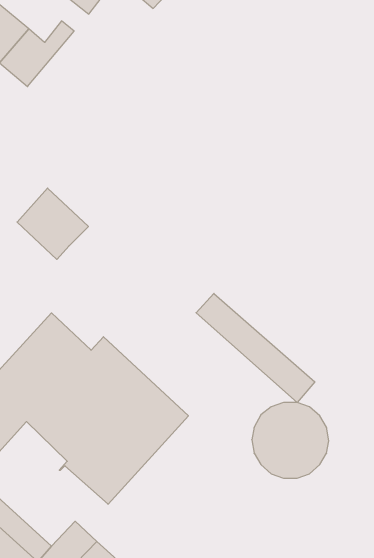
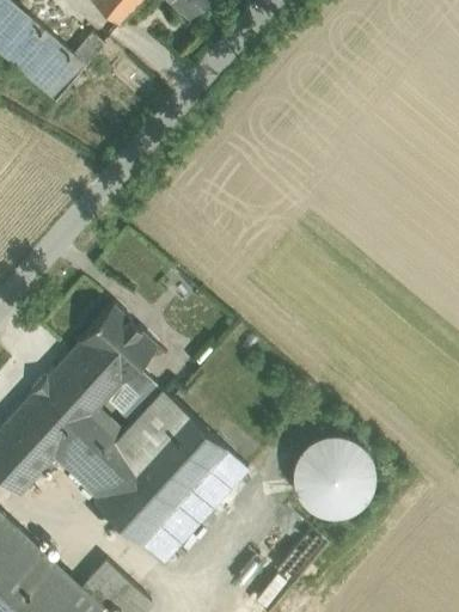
building: [17,188,88,259] -> [81,306,157,381]
building: [196,293,315,402] -> none
building: none -> [141,451,247,564]

